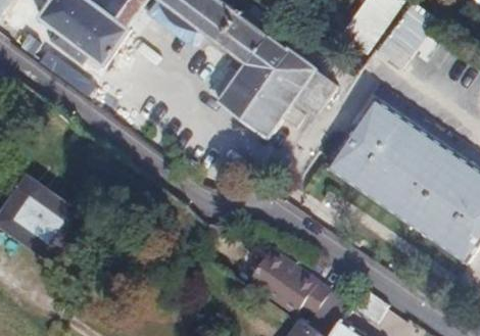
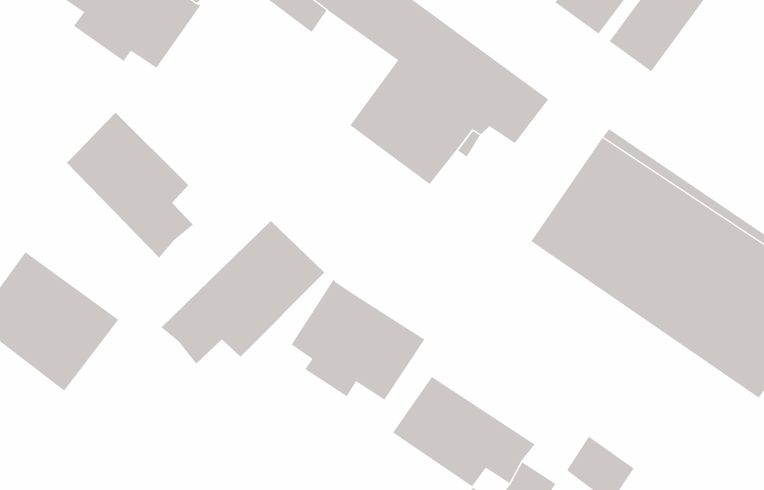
building: none -> [66,112,194,259]
building: none -> [161,220,325,365]
building: none -> [291,279,425,401]

